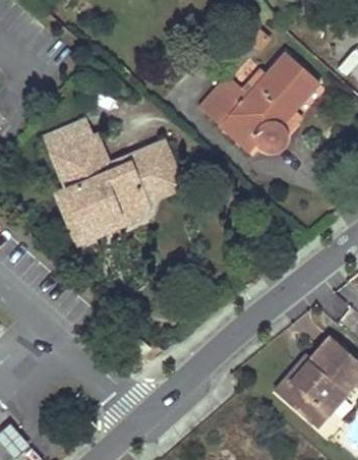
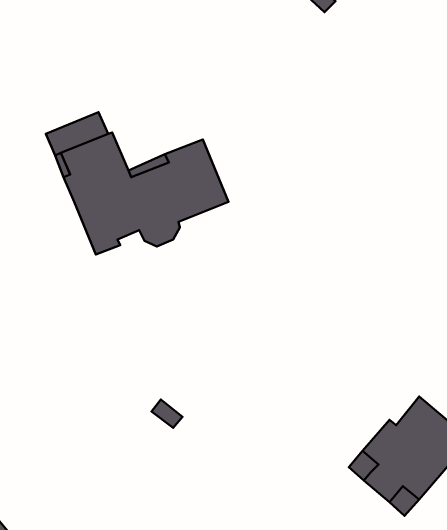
building: [197,52,316,151] -> none
building: [56,188,131,245] -> none

